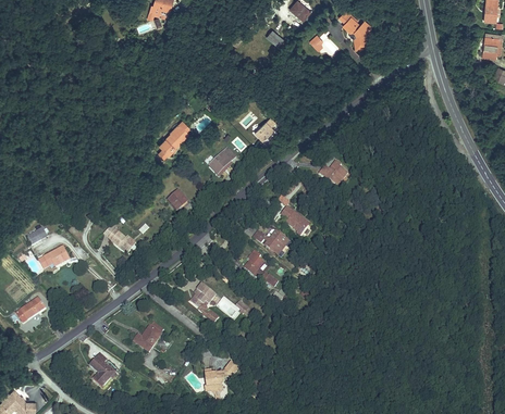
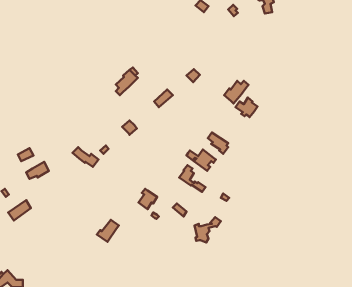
building: none -> [224,81,249,103]
building: [90,354,116,387] -> none
building: [205,360,239,393] -> [195,217,221,242]

